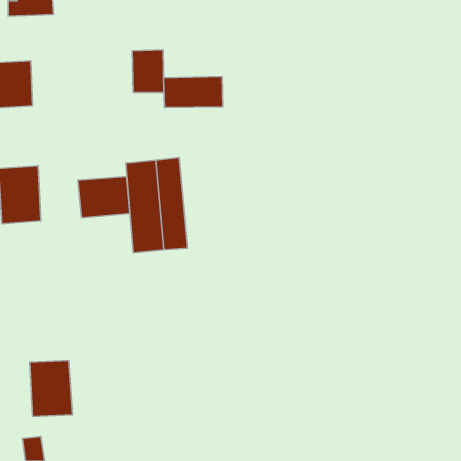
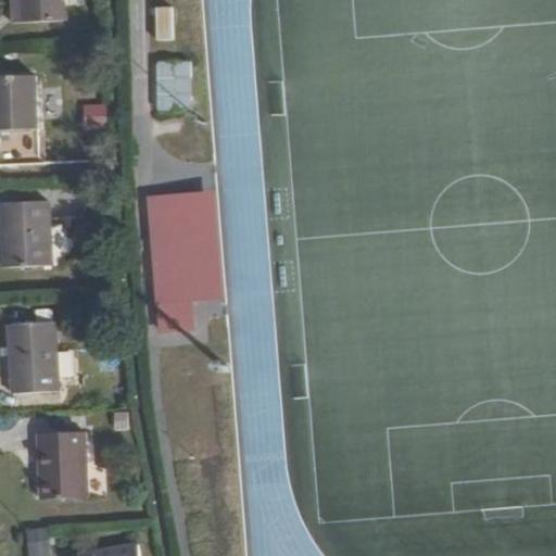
building: [164,77,223,107] -> none
building: [78,176,130,218] -> none
building: none -> [5,320,56,394]

